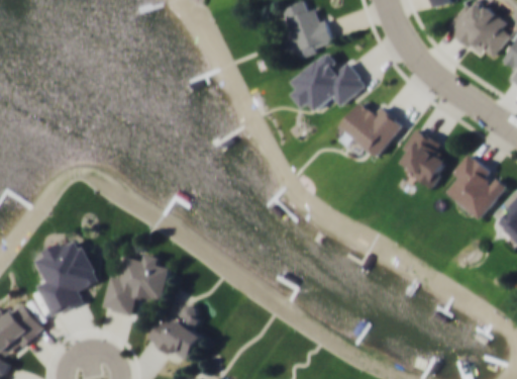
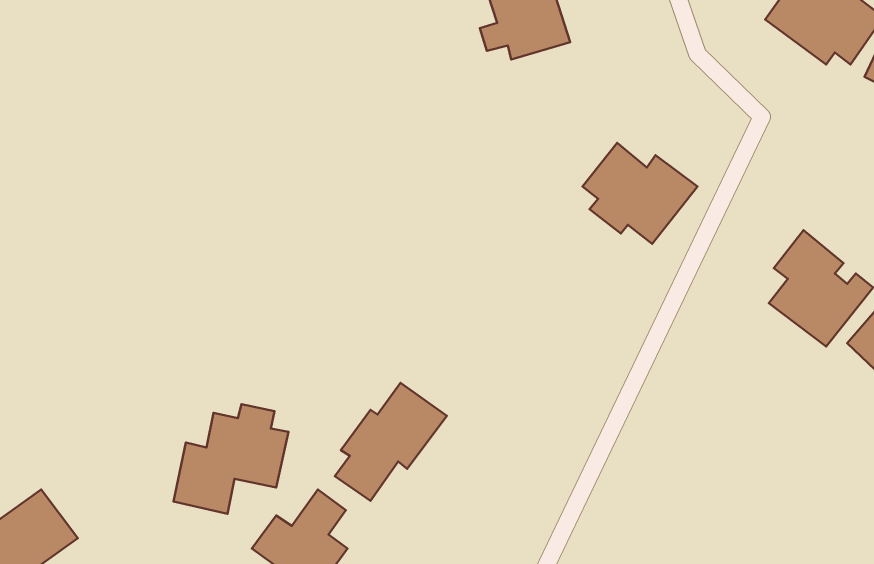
building: [291,52,367,113] -> none
building: [399,128,448,188] -> none
building: [29,238,98,316] -> none
building: none -> [335,383,447,501]

